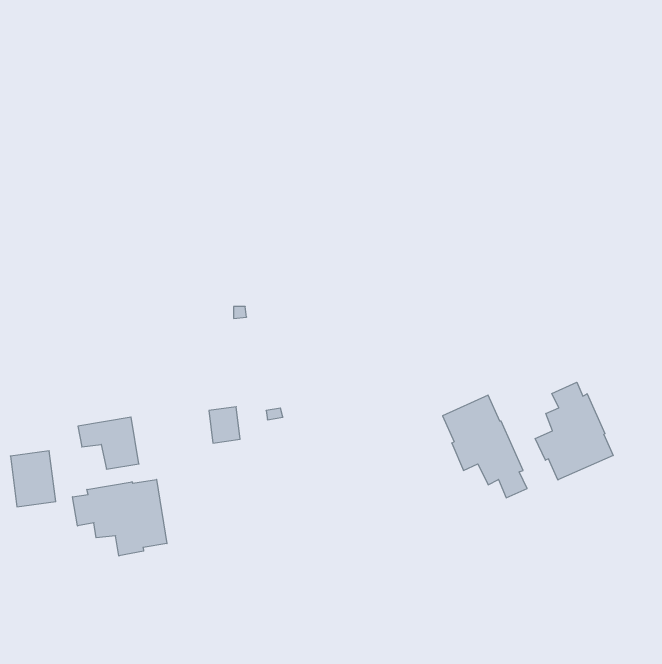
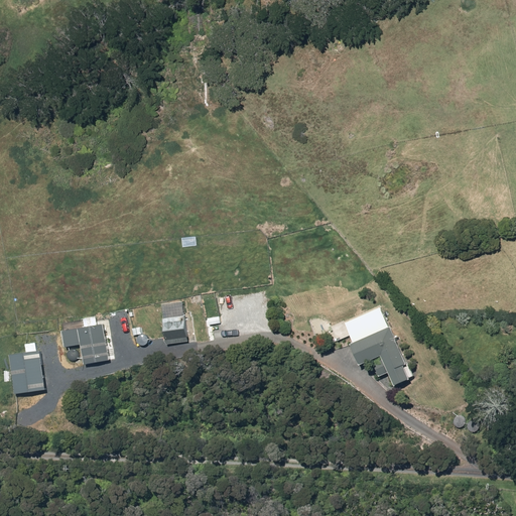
building: [535,382,613,480] -> none
building: [73,479,167,556] -> none

